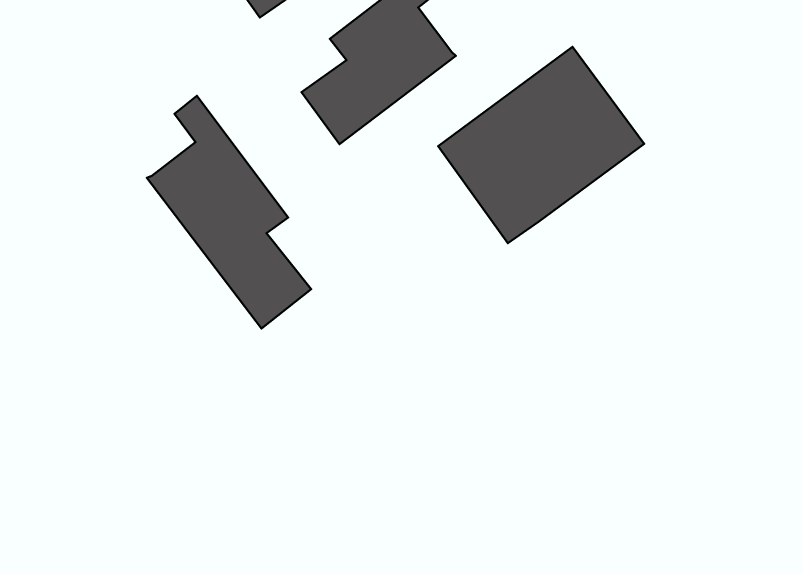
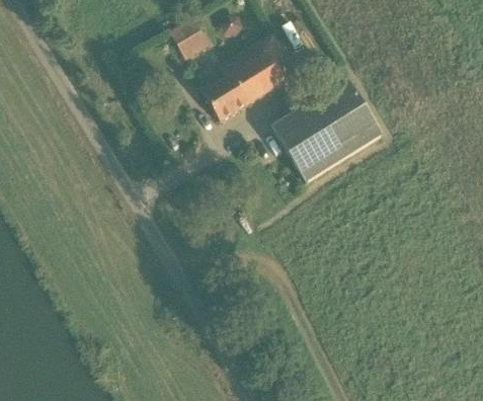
building: [147,96,311,329] -> none

